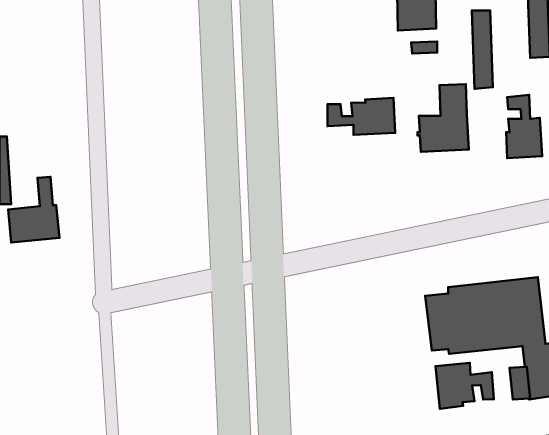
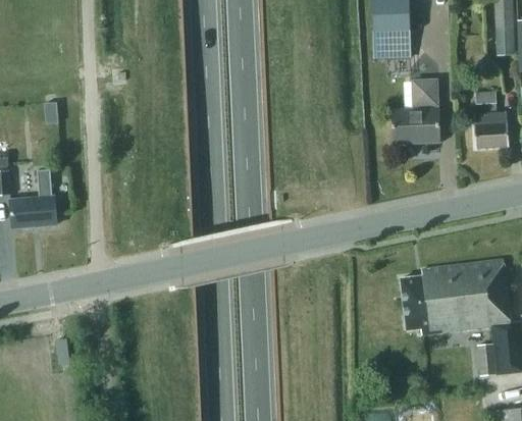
building: [472,10,493,89] -> none
building: [327,98,395,135] -> none
building: [436,363,494,409] -> none

